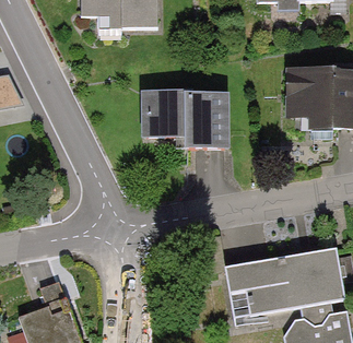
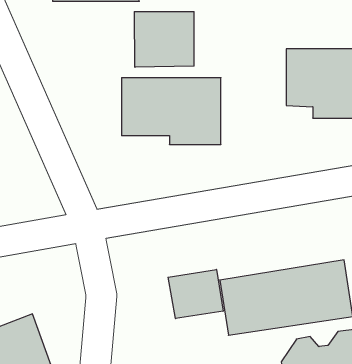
building: none -> [134,12,194,67]
building: none -> [168,269,223,319]

